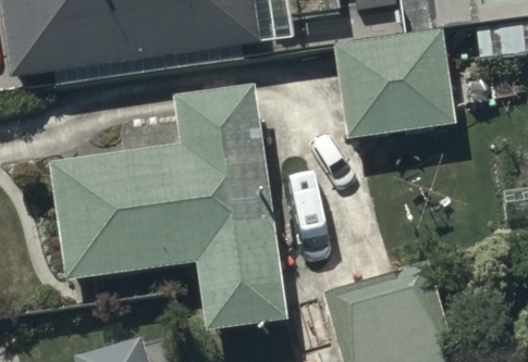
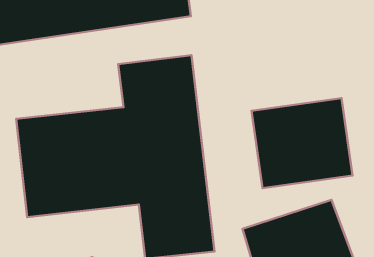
building: [334,32,455,139] -> [252,98,352,188]

